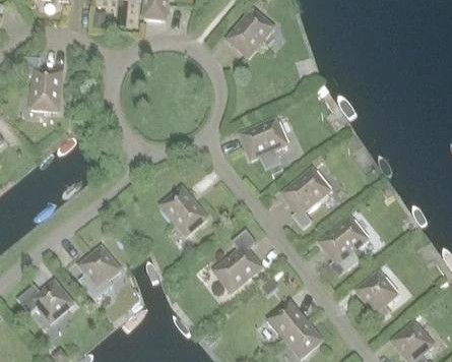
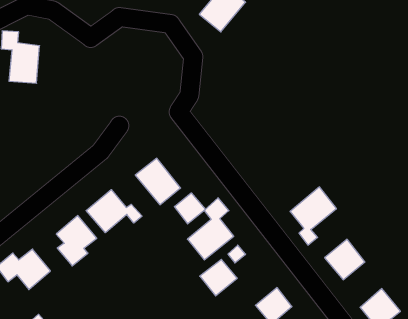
building: [240,118,287,171] -> none
building: [282,168,330,229] -> none
building: none -> [86,190,142,233]
building: none -> [174,193,205,224]
building: [268,301,307,339] -> [200,259,237,296]

